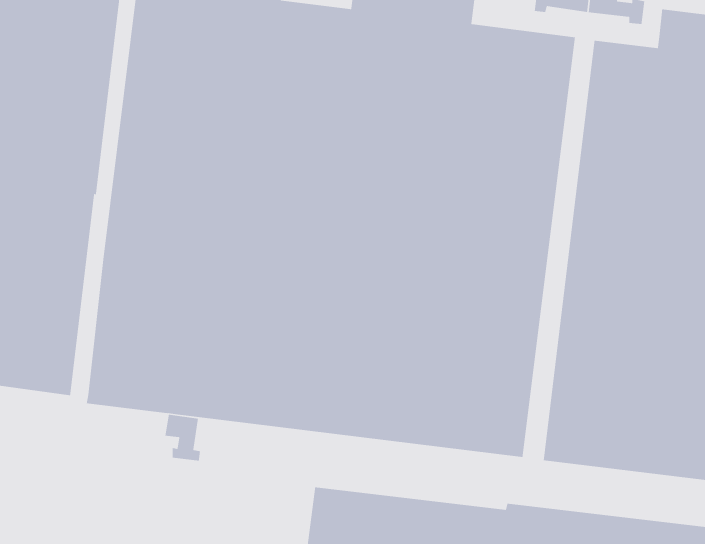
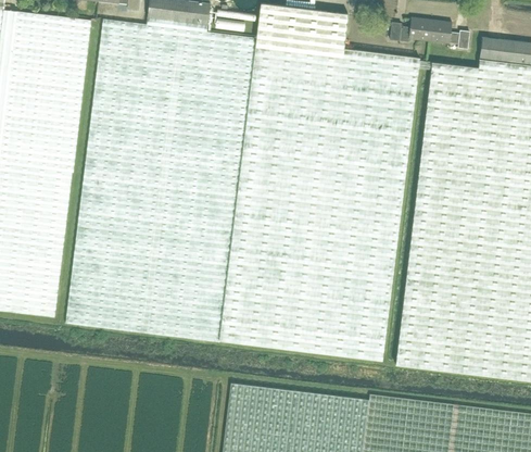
building: [165,414,201,461] -> none

